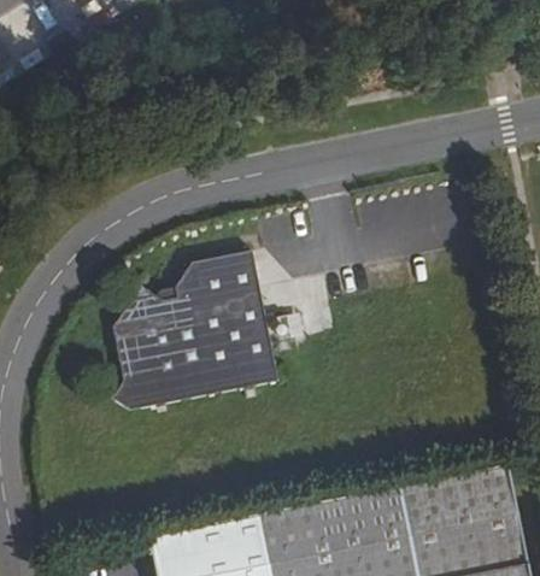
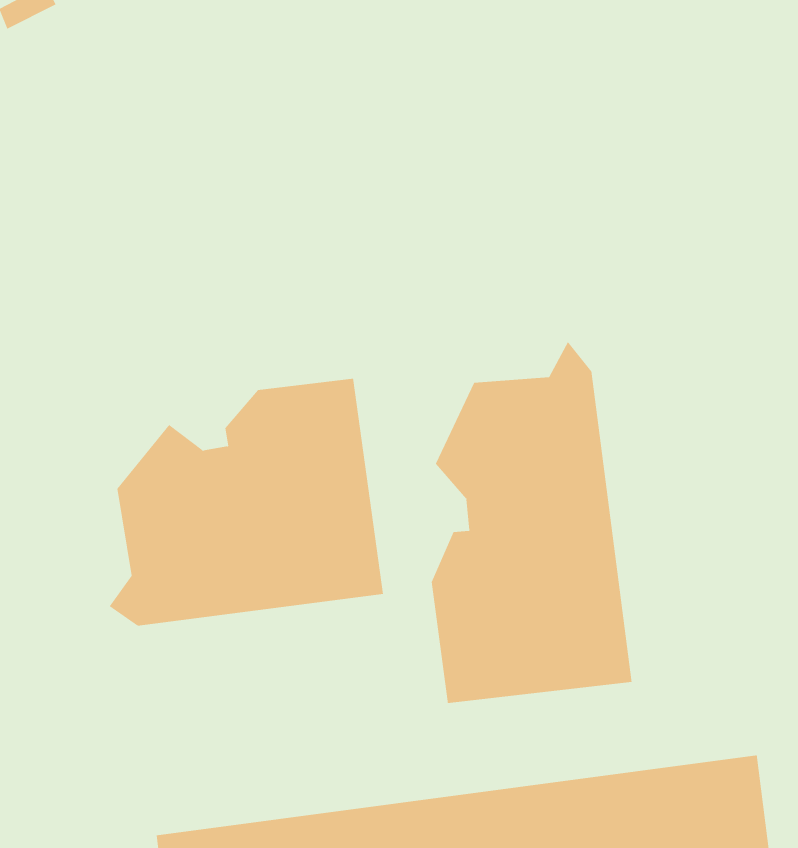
building: none -> [431,341,632,704]

